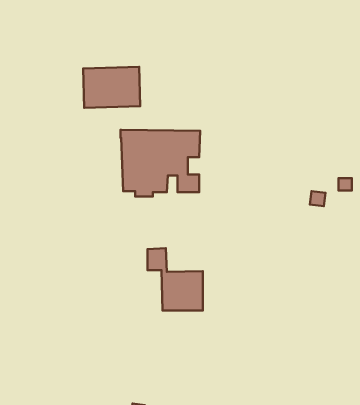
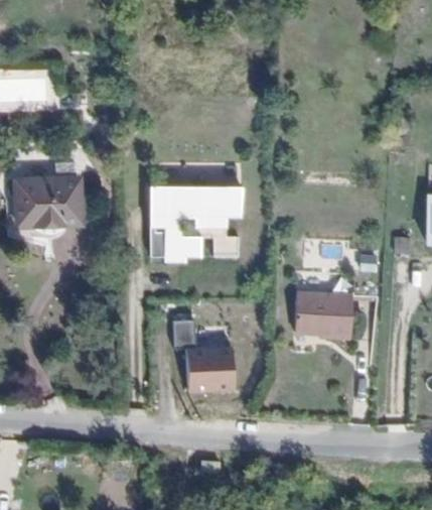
building: [83,67,140,108] -> [14,177,80,225]
building: none -> [298,298,354,341]

